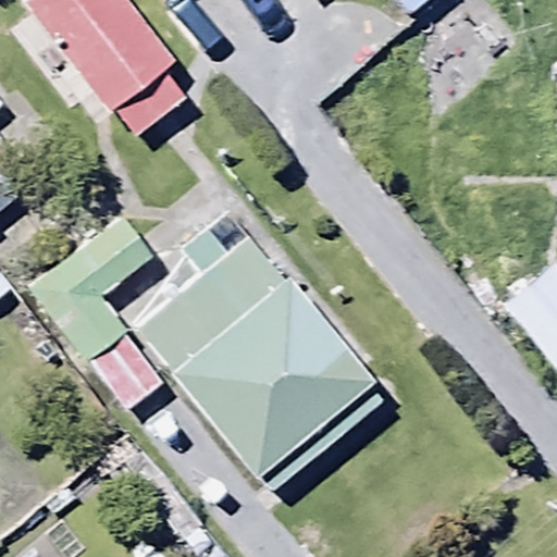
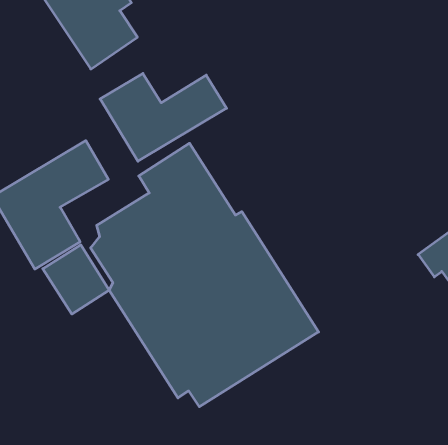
building: none -> [100,73,227,161]

